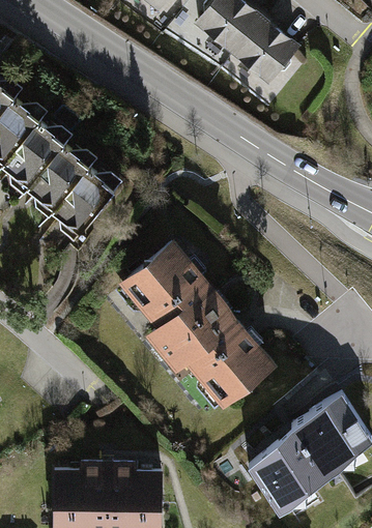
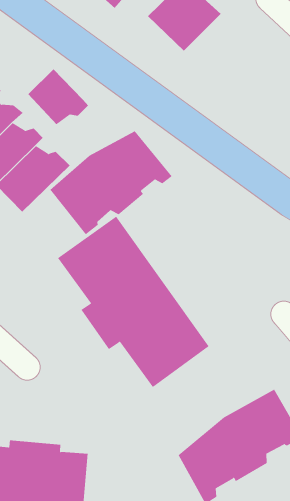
building: [228,22,298,93] -> none
building: none -> [28,69,89,125]
building: none -> [49,131,172,235]

